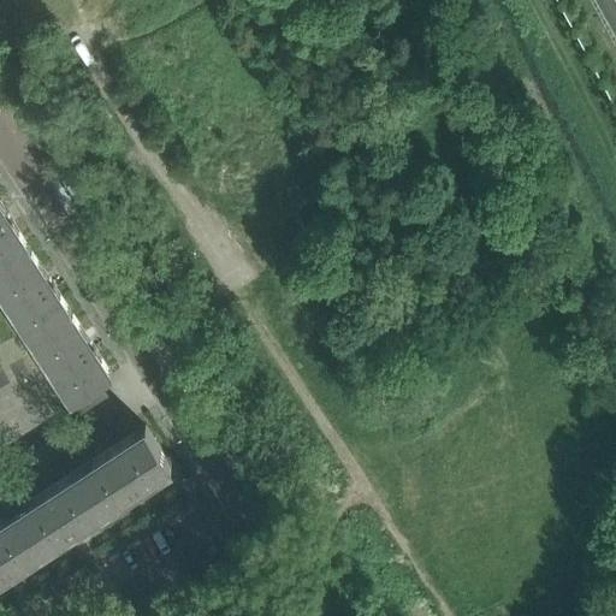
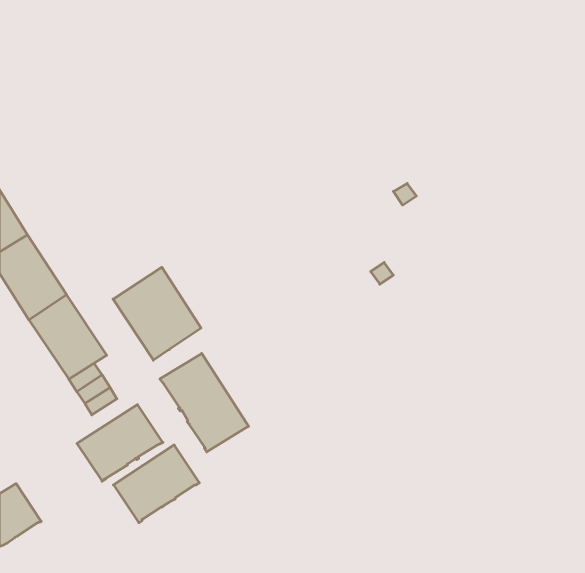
building: none -> [113,267,201,360]
building: none -> [160,353,249,452]
building: [17,479,107,561] -> [113,445,199,523]

